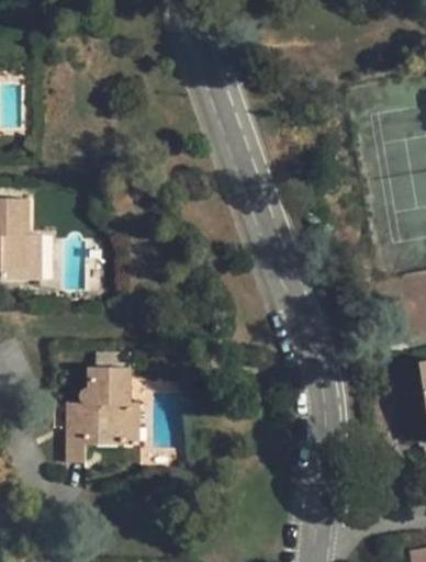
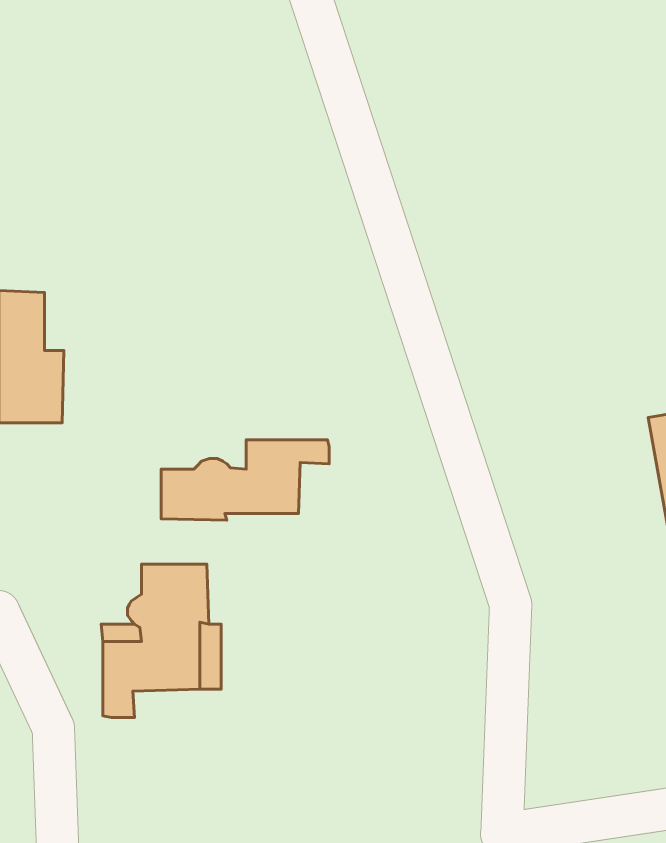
building: none -> [161,440,329,520]

